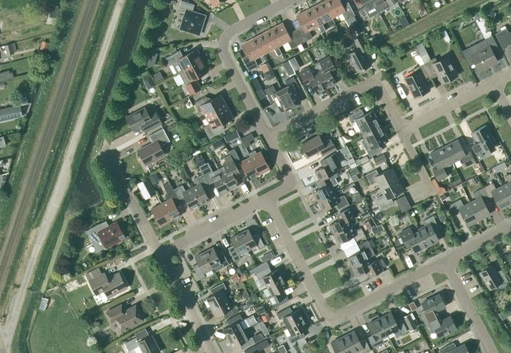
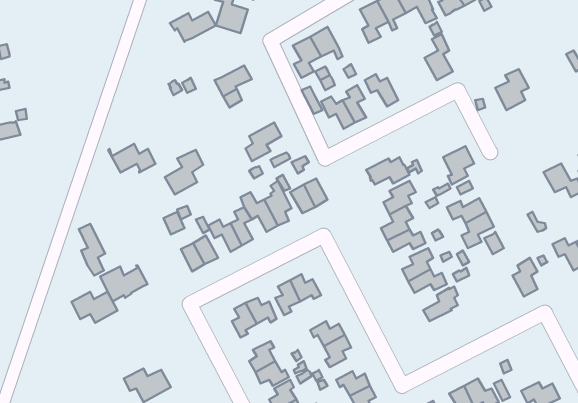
building: [269,23,300,49] -> none
building: [165,50,202,74] -> [170,12,216,42]
building: [314,57,336,89] -> none
building: [423,57,456,83] -> none
building: [194,95,226,118] -> none
building: [123,108,161,131] -> [108,144,155,172]
building: [348,110,380,135] -> none
building: [430,147,452,181] -> none
building: none -> [79,224,105,276]
building: [399,228,427,253] -> none
building: [351,258,385,277] -> none
building: [89,273,126,298] -> [71,292,117,323]
building: [420,295,444,323] -> none

